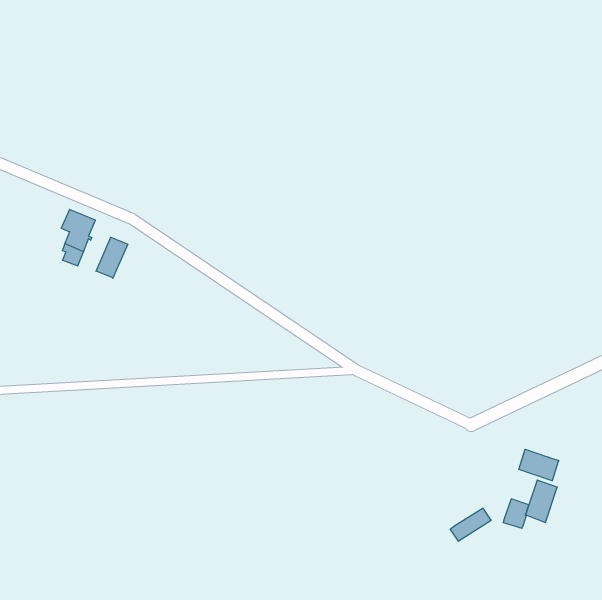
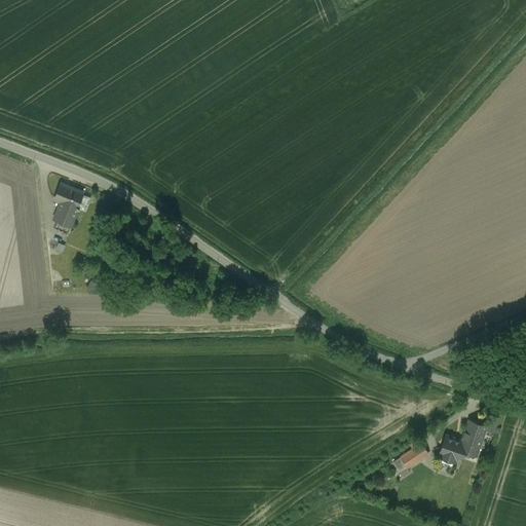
building: [96,237,128,278] -> none
building: [519,449,559,481] -> none

